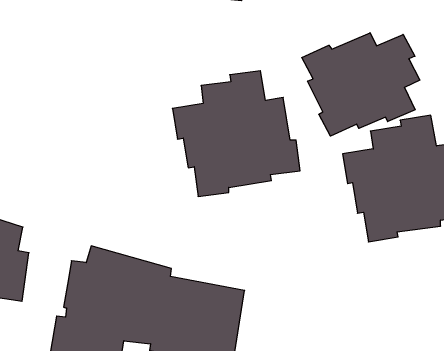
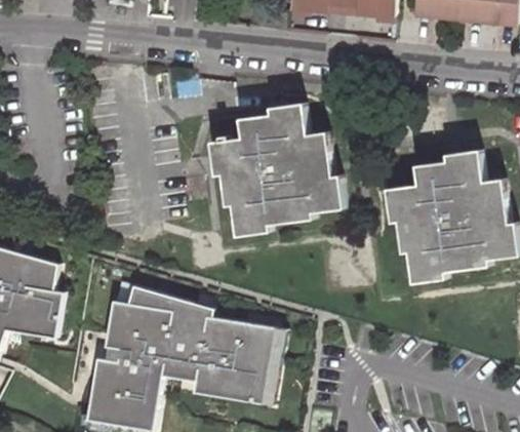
building: [302,33,420,136] -> none

